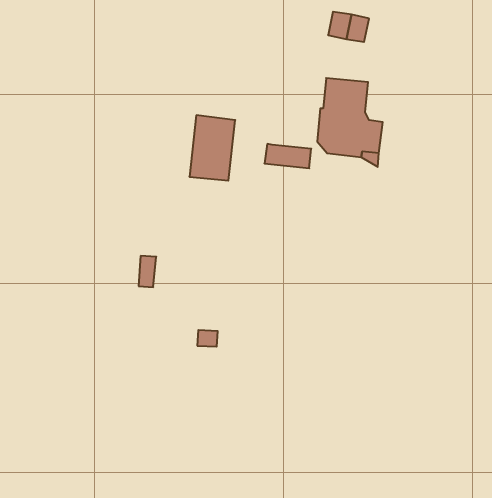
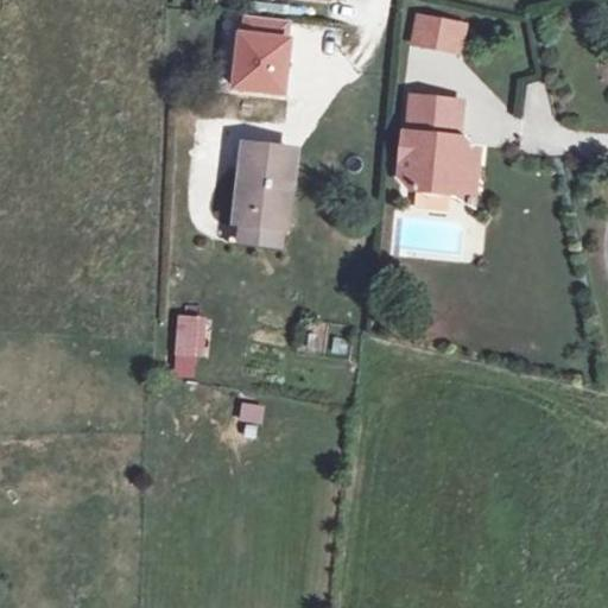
building: none -> [239,12,304,94]
building: [264,144,311,168] -> [229,214,286,243]

